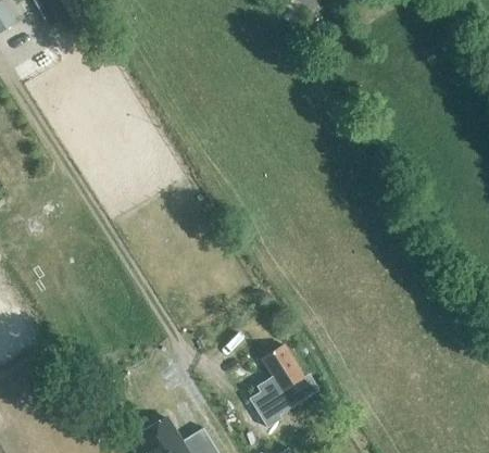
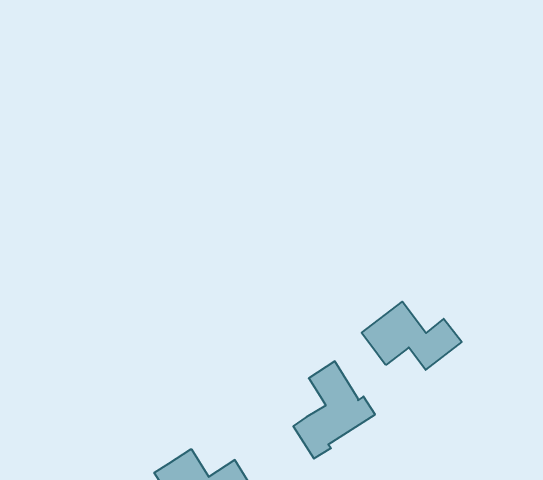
building: none -> [362,302,462,370]

